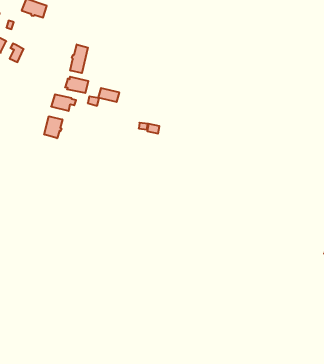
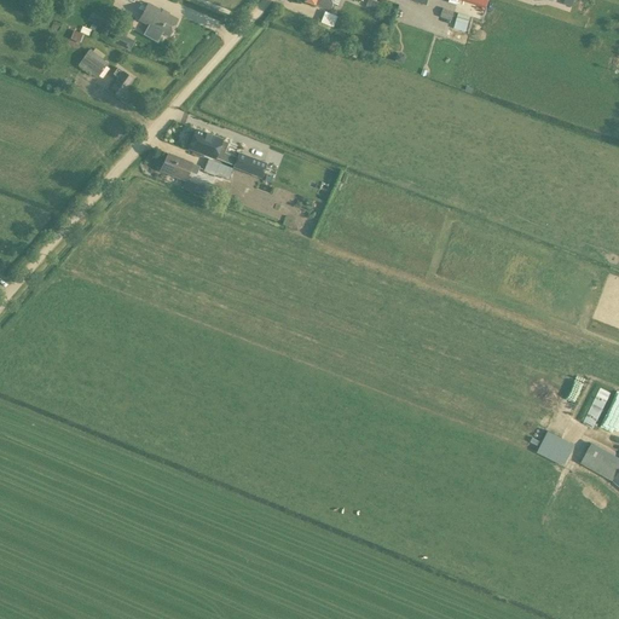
building: [70,44,88,73] -> none
building: [44,116,62,138] -> none

